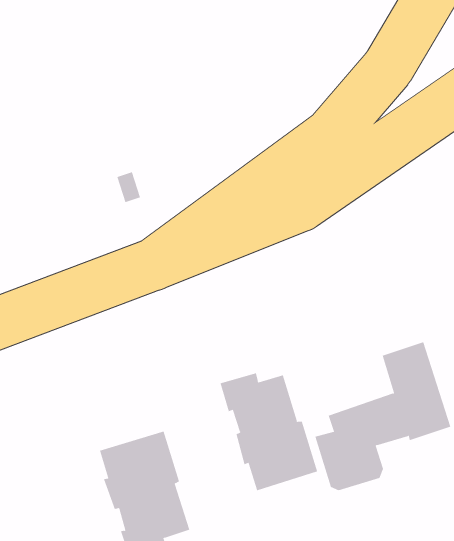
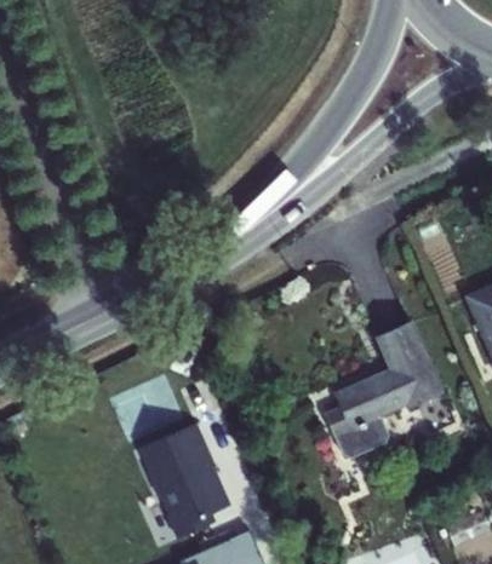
building: [220,373,318,491] -> none

